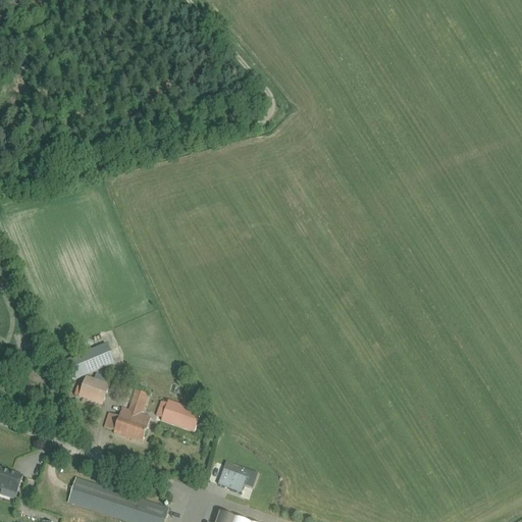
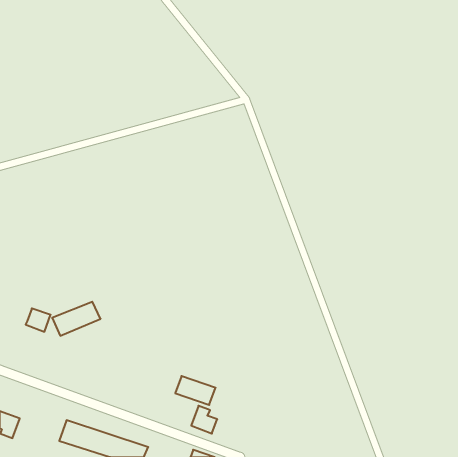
building: [80,378,108,405] -> [26,308,51,332]
building: [104,388,150,441] -> none
building: [155,398,201,430] -> [175,376,216,405]

